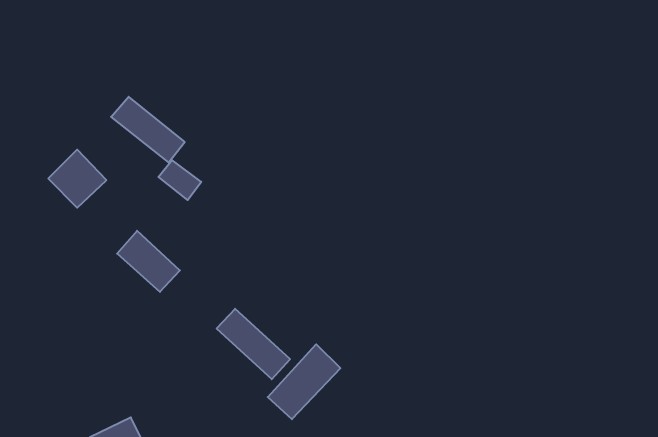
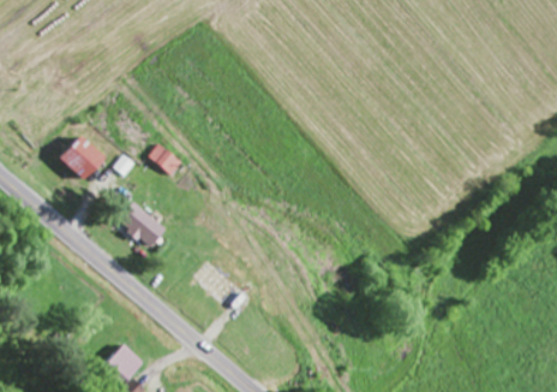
building: [111,97,185,162] -> none
building: [268,344,340,419] -> none

